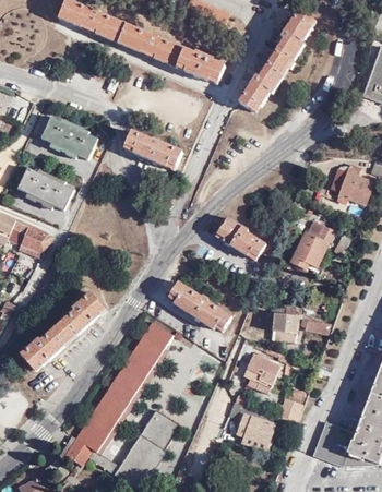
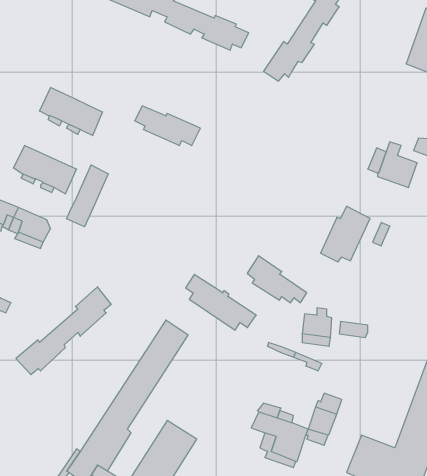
building: none -> [67,165,108,227]
building: [216,215,268,256] -> [247,256,307,303]
building: [242,356,279,389] -> none

